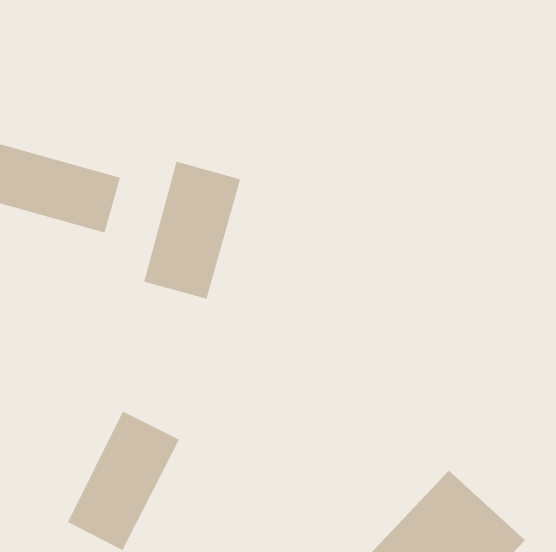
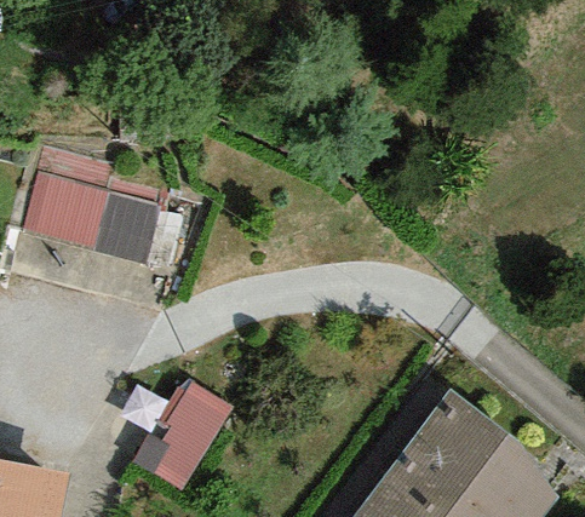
building: [143,161,241,299] -> none

